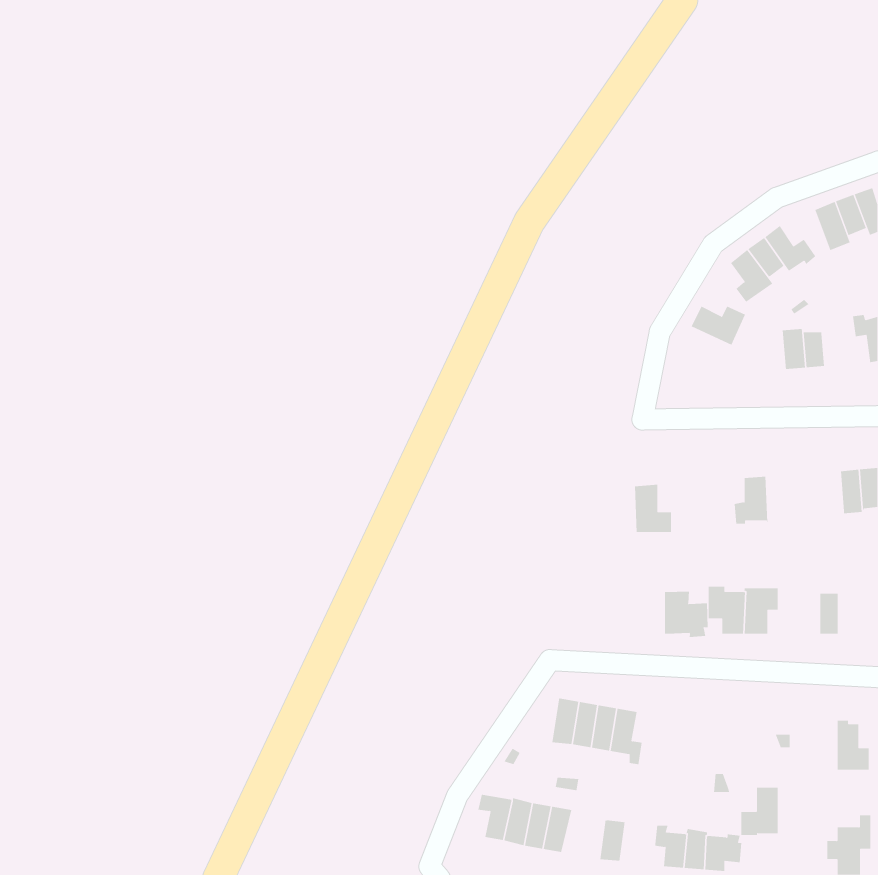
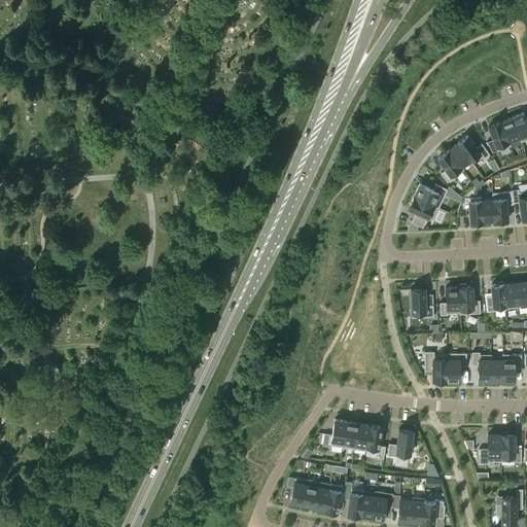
building: none -> [492,191,513,221]
building: none -> [409,198,438,229]
building: none -> [485,283,505,312]
building: none -> [459,285,480,315]
building: [634,484,672,532] -> [411,289,433,318]
building: none -> [471,353,491,382]
building: none -> [502,355,521,382]
building: [665,591,708,638] -> none
building: none -> [387,430,413,459]
building: [741,787,778,835] -> [479,435,501,464]
building: none -> [343,483,363,517]
building: none -> [372,492,393,520]

